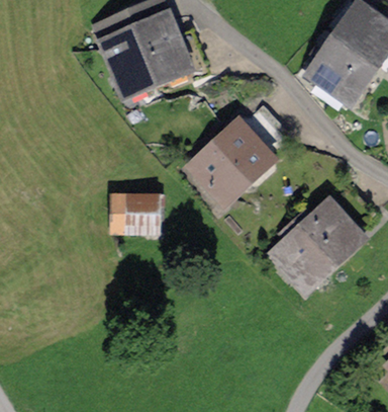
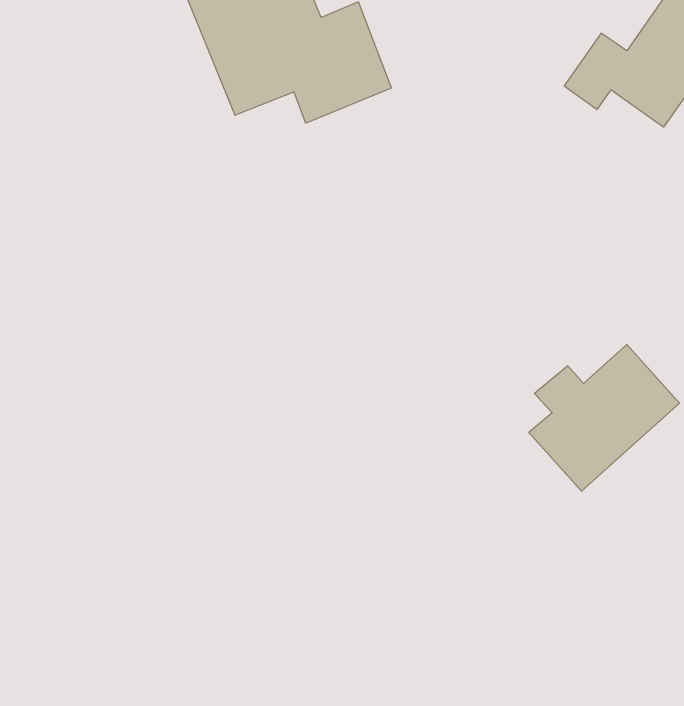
building: [198,129,266,195] -> none
building: [111,193,164,234] -> none

